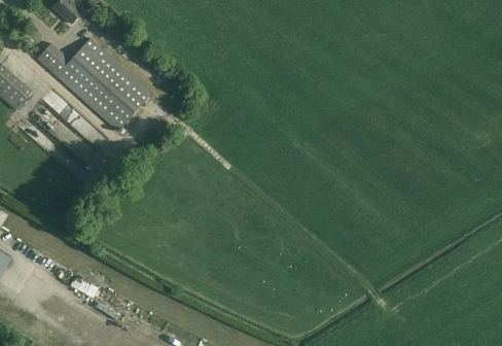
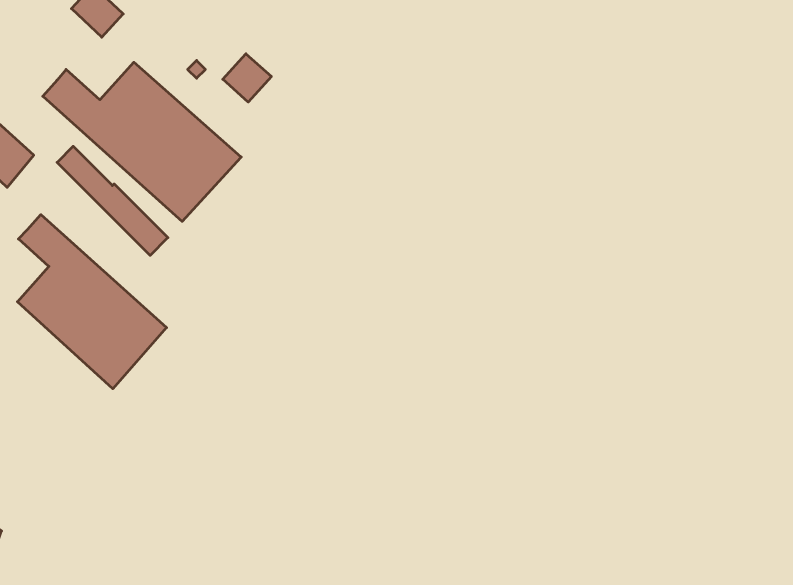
building: none -> [223,54,271,102]
building: none -> [17,215,167,389]

